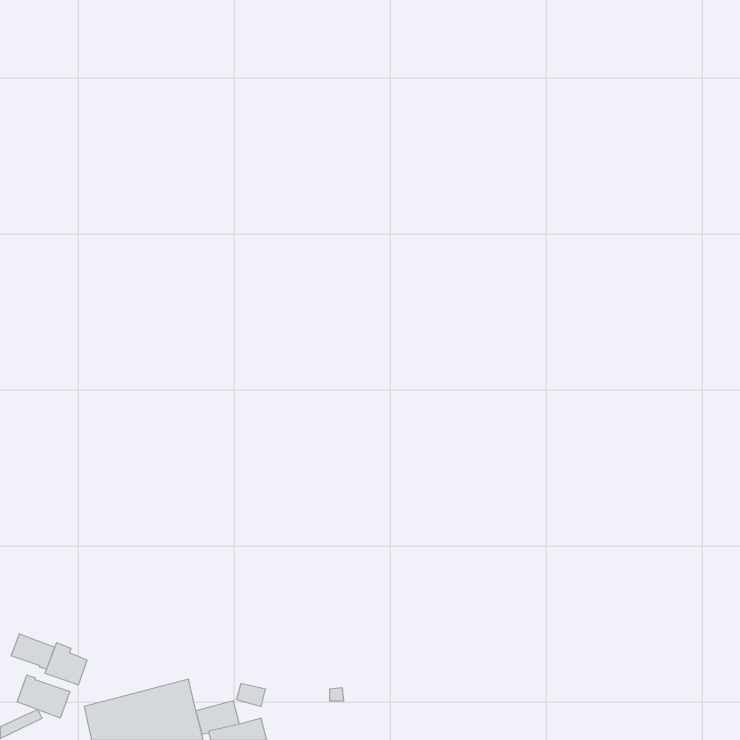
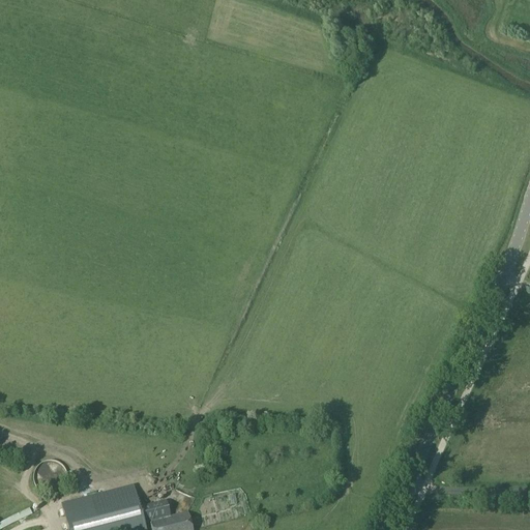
building: [11,634,54,669] -> none
building: [17,675,70,718] -> none

